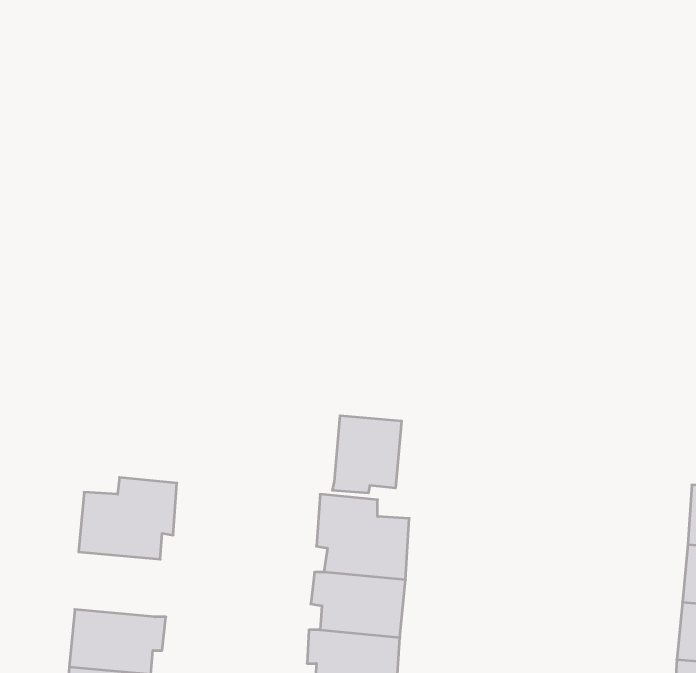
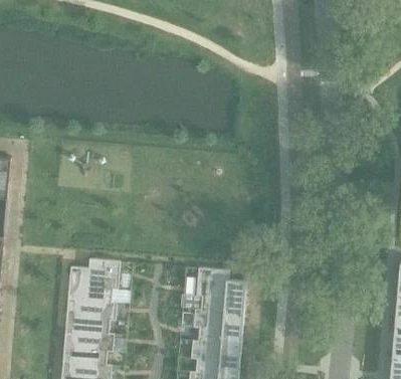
building: [332,416,402,493] -> none
building: none -> [64,300,116,335]

